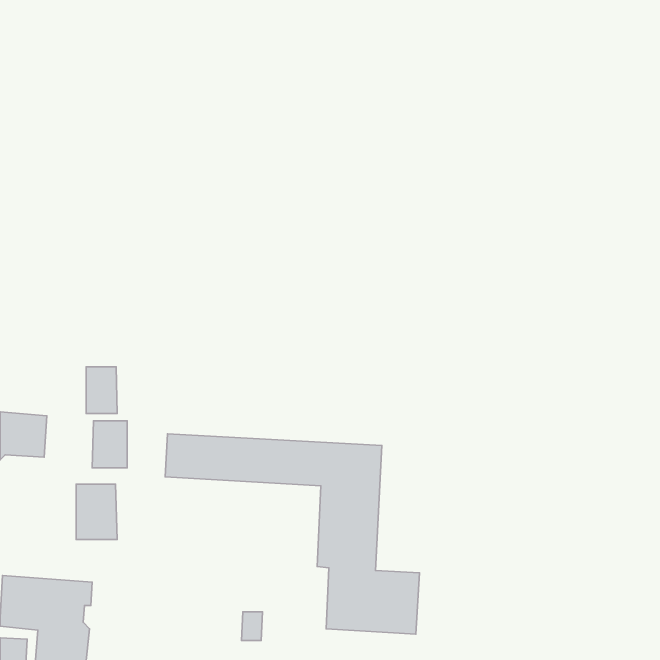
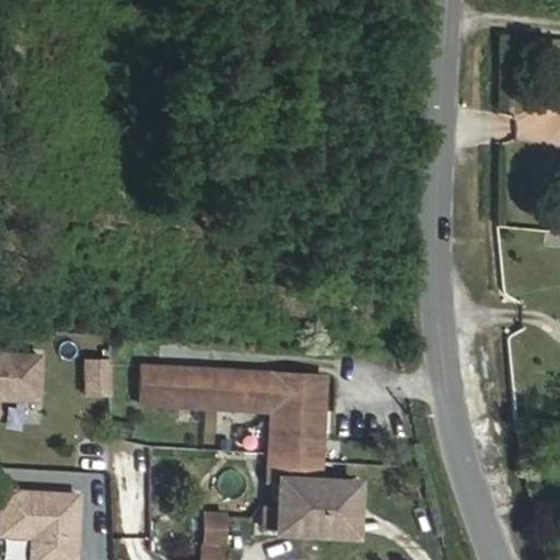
building: [86,367,117,413] -> none
building: [76,484,117,539] -> none

